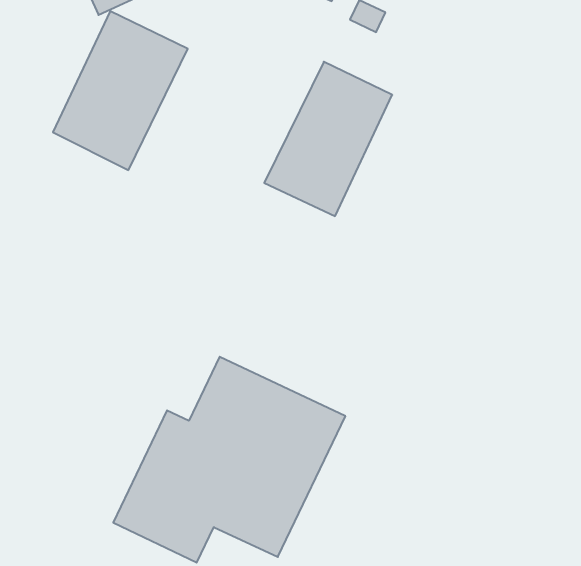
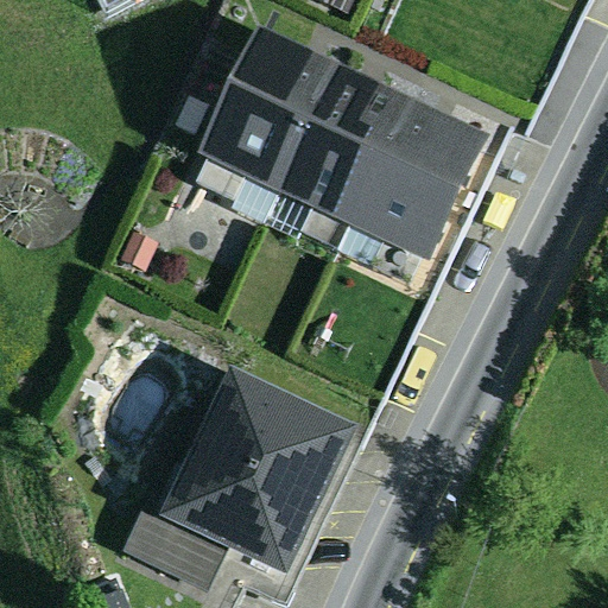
building: [53,11,188,170] -> [196,25,336,190]
building: none -> [348,99,488,262]

